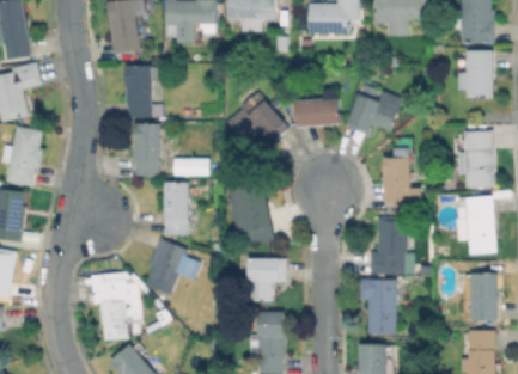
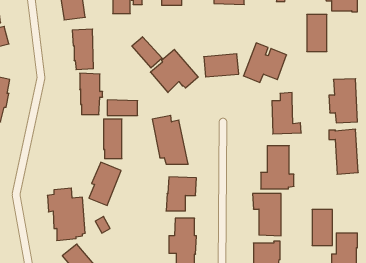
building: [467,50,493,98] -> [307,15,327,51]
building: none -> [132,37,162,68]
building: [471,274,498,320] -> [312,210,332,245]

